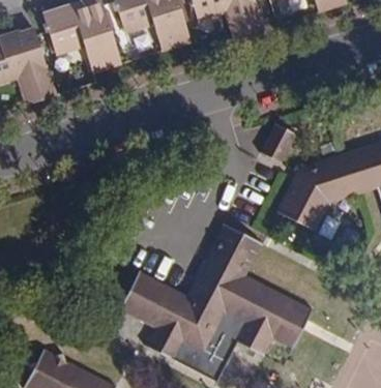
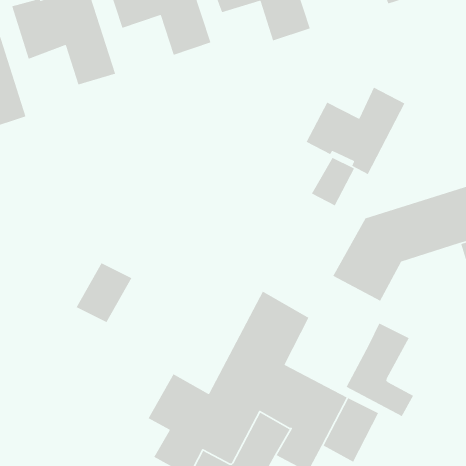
building: none -> [306,87,405,175]
building: none -> [346,322,414,417]
building: [121,270,163,315] -> [75,262,132,323]

